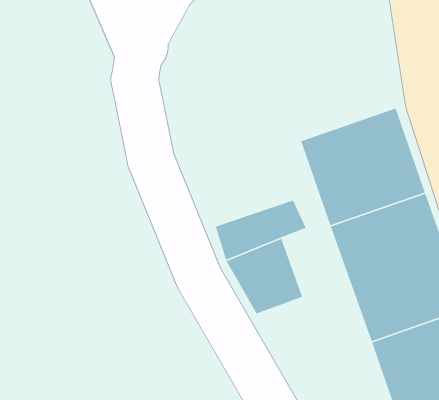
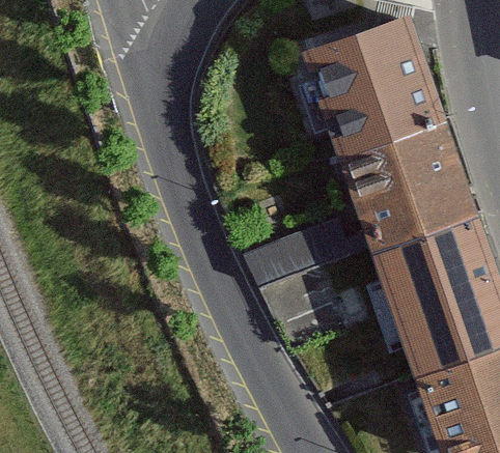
building: none -> [303,18,444,160]

